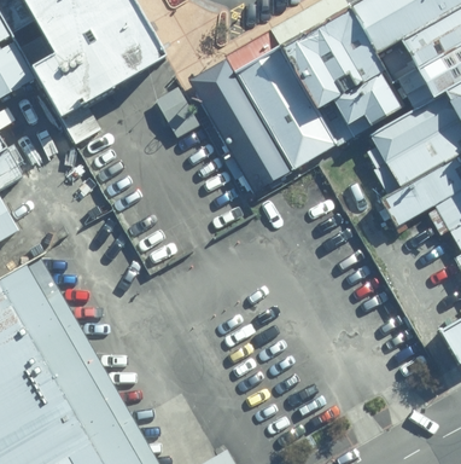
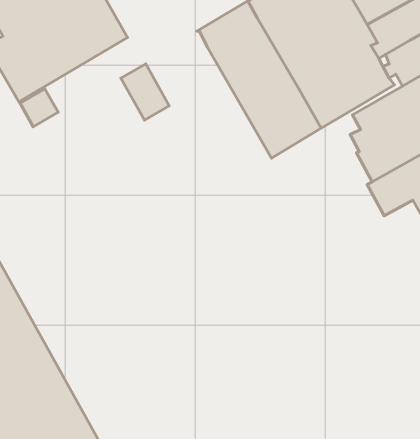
building: [189,54,296,193] -> none

